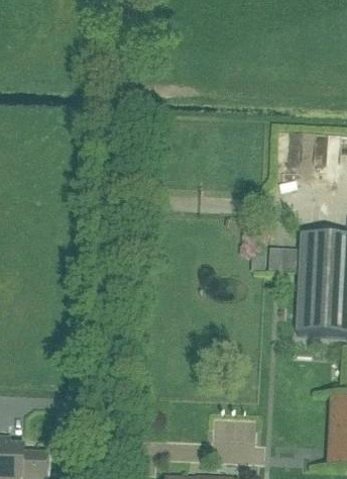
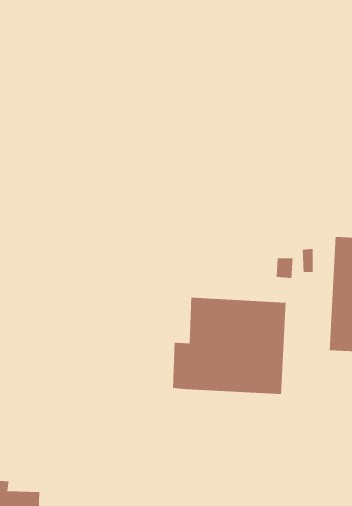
building: none -> [172,297,286,395]

